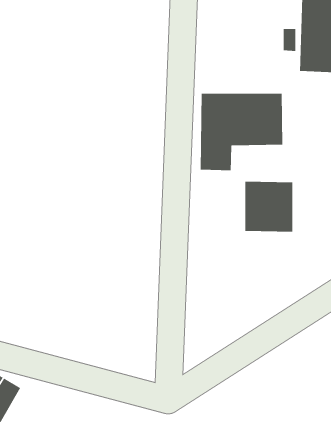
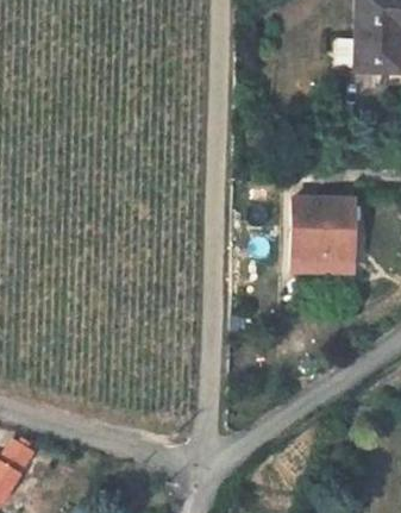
building: [200,93,283,171] -> none

